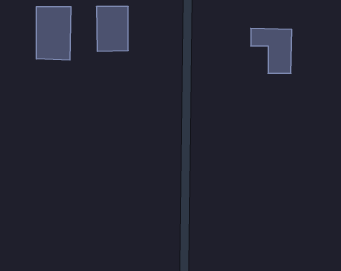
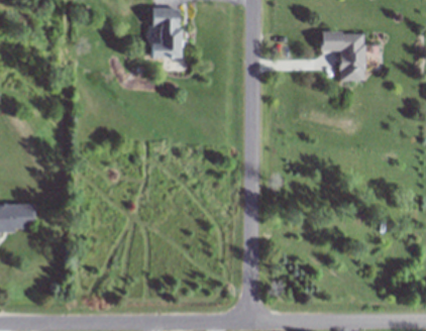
building: [36,7,71,60] -> none

